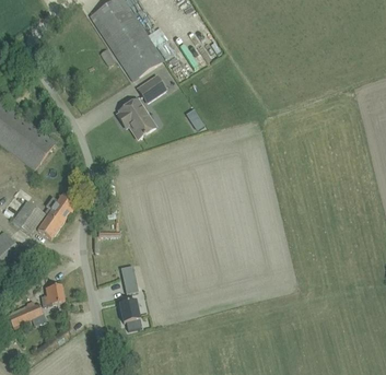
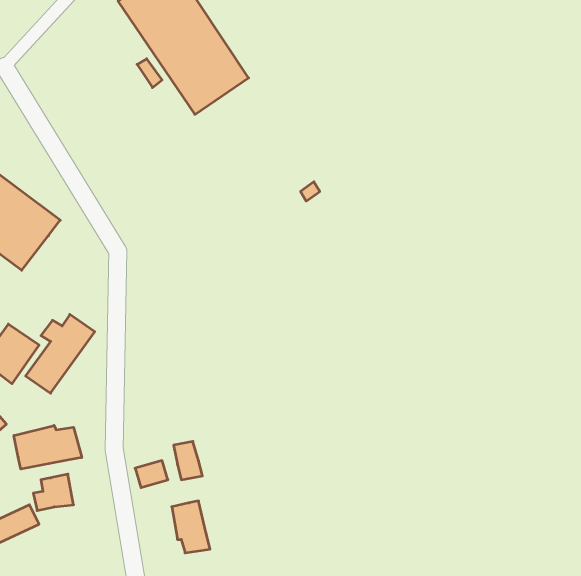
building: [137,73,166,101] -> none
building: [116,98,155,139] -> none
building: none -> [14,425,82,469]

